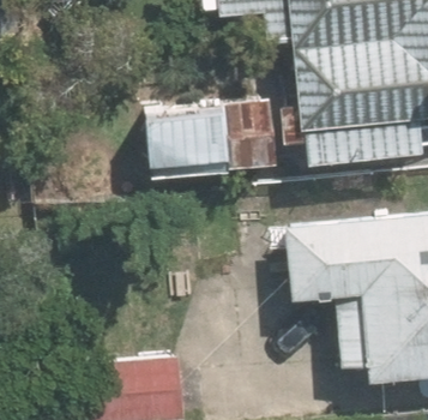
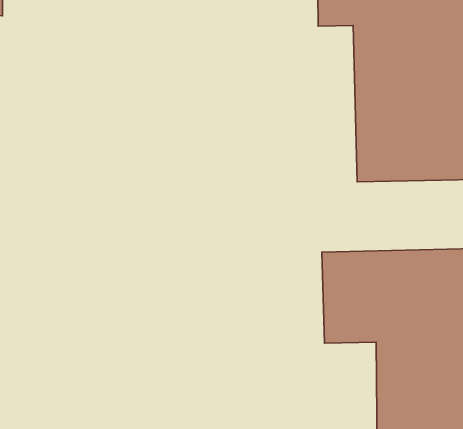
building: [143,103,279,182] -> none

